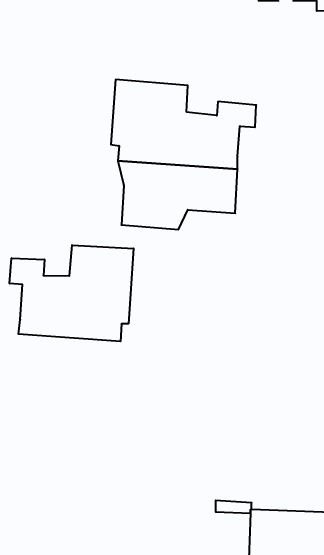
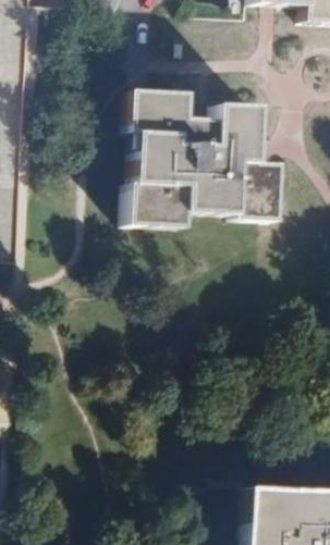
building: none -> [234,159,278,219]
building: [10,245,134,341] -> none

